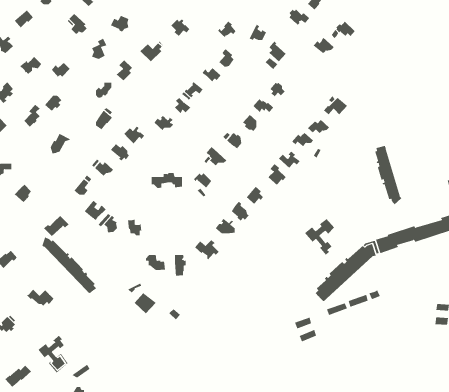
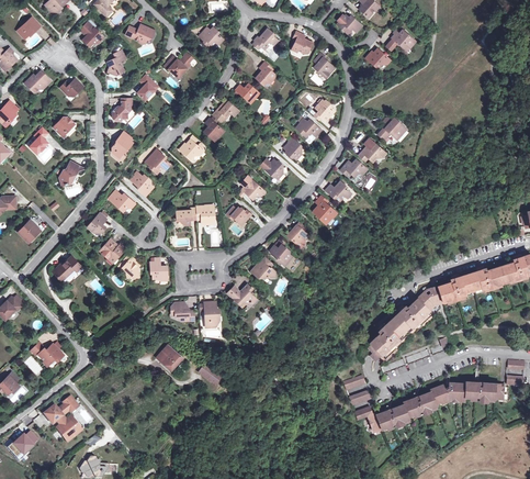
building: [374,145,403,205] -> none
building: [304,218,335,255] -> none
building: [41,236,97,294] -> none
building: none -> [354,380,505,432]

